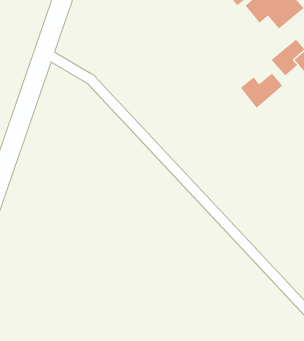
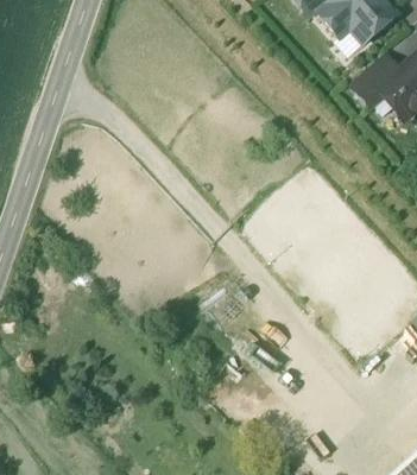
building: [240,73,283,109] -> none

